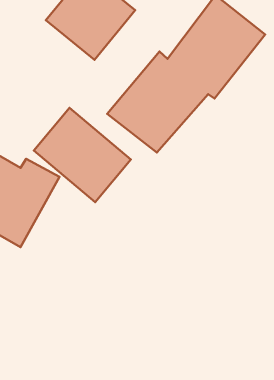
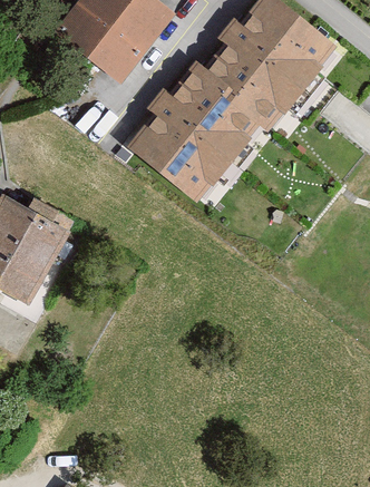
building: [34,108,131,202] -> none

